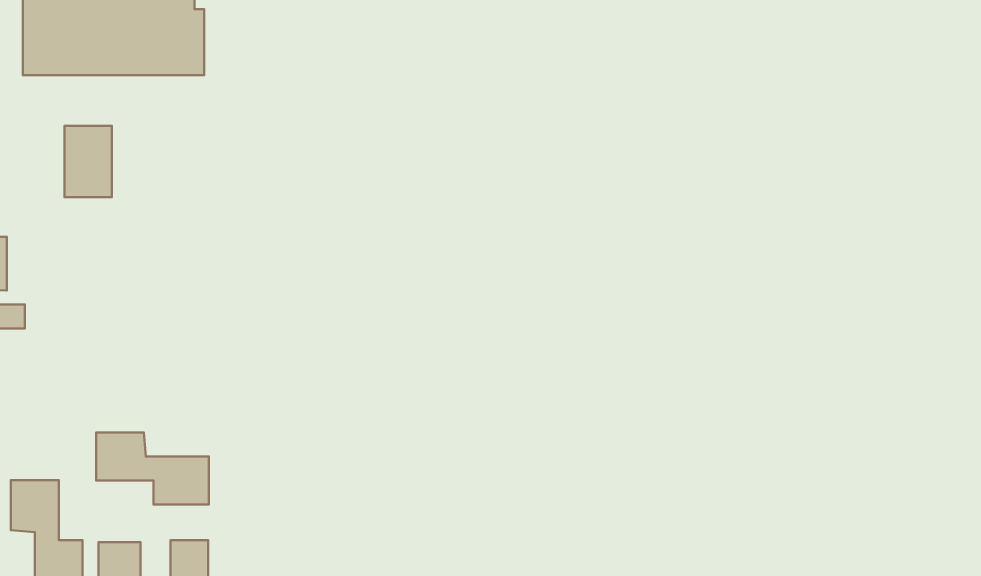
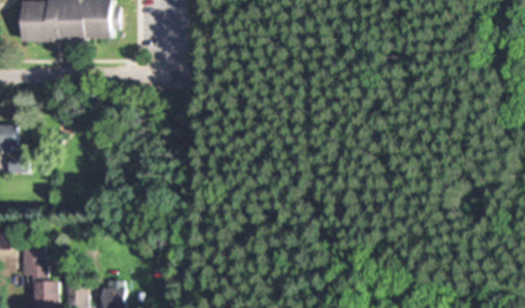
building: [64,126,112,197] -> none
building: [96,432,209,504] -> none

